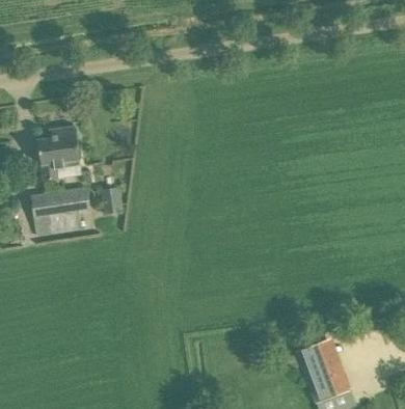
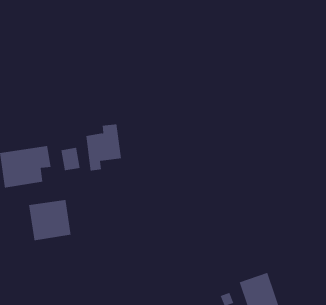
building: [35,126,77,180] -> [85,124,122,171]
building: none -> [28,199,71,241]

